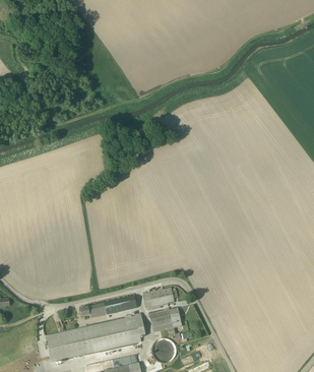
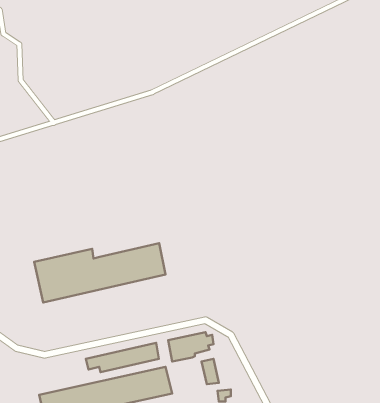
building: none -> [34,243,166,302]
building: [149,308,173,332] -> none

